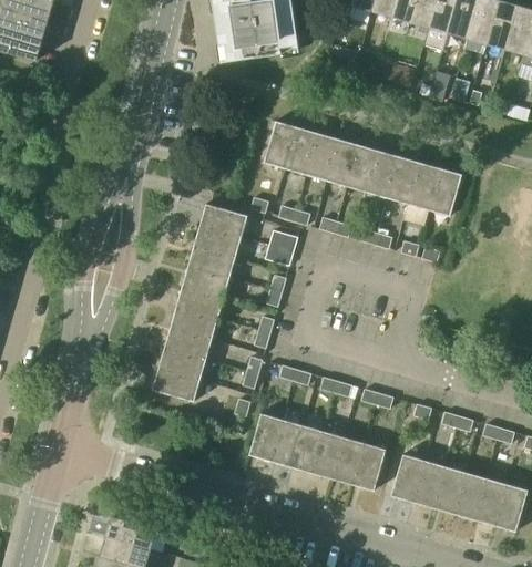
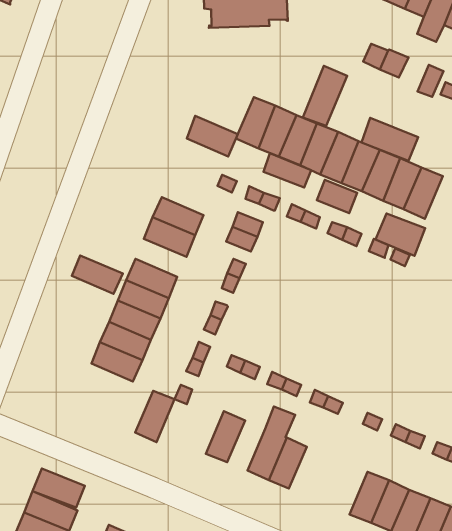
building: none -> [303,66,347,126]
building: none -> [361,118,418,161]
building: none -> [263,153,311,188]
building: none -> [317,180,357,213]
building: [200,203,247,237] -> [187,116,238,156]
building: none -> [376,214,425,256]
building: [182,266,229,298] -> [72,256,123,294]
building: [248,413,282,461] -> [135,391,174,442]
building: [290,425,323,472] -> none
building: [351,443,386,491] -> none
building: [390,454,423,502] -> none
building: none -> [33,468,85,507]

